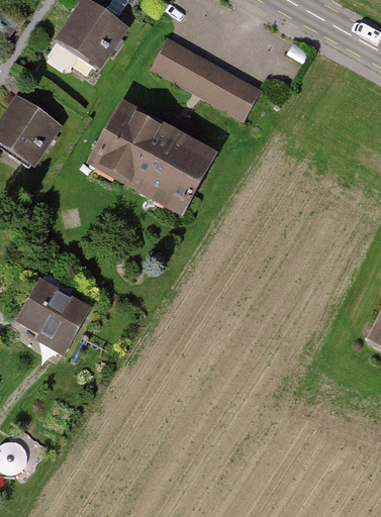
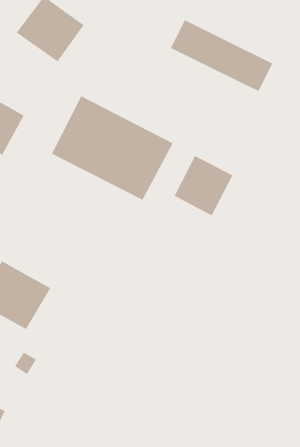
building: [151,36,260,113] -> [170,20,273,92]
building: none -> [174,155,233,216]

